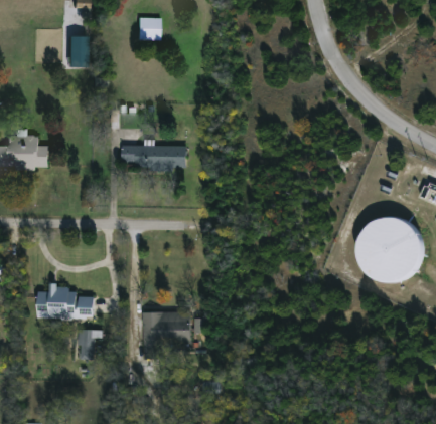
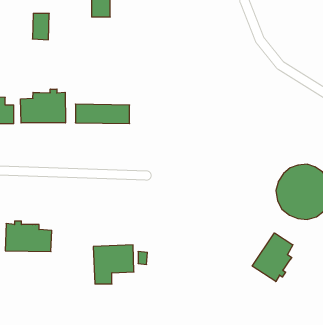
building: none -> [21,89,65,123]
building: none -> [252,233,293,282]
building: [79,330,102,360] -> none

